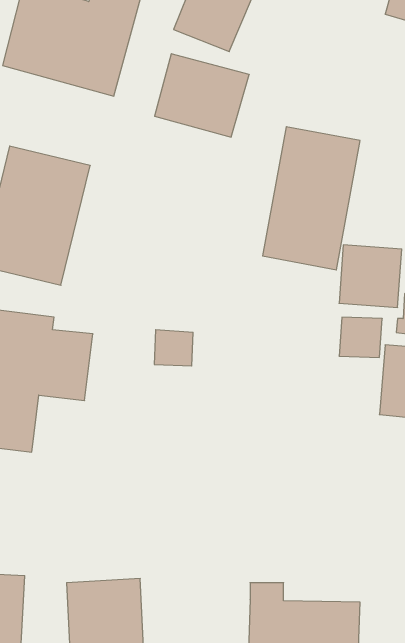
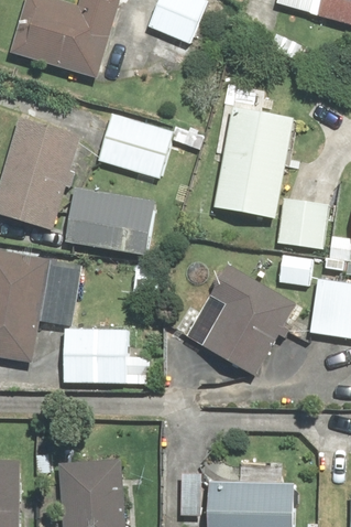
building: [155,54,249,137] -> [97,112,172,179]
building: none -> [63,185,154,255]
building: none -> [196,266,297,375]
building: none -> [57,322,157,389]

